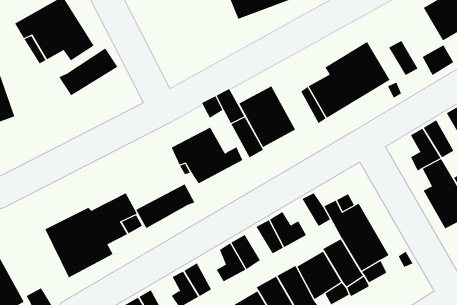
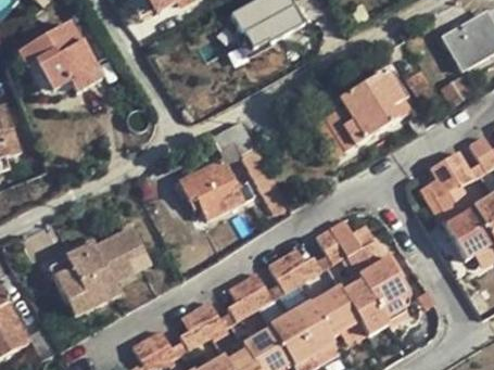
building: [59,48,118,96] -> none
building: [238,85,296,148] -> none
building: [135,184,195,229] -> none

